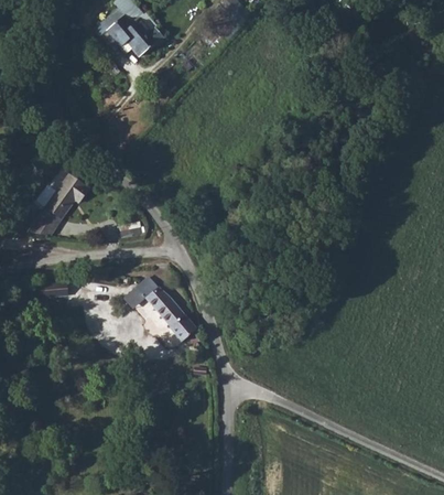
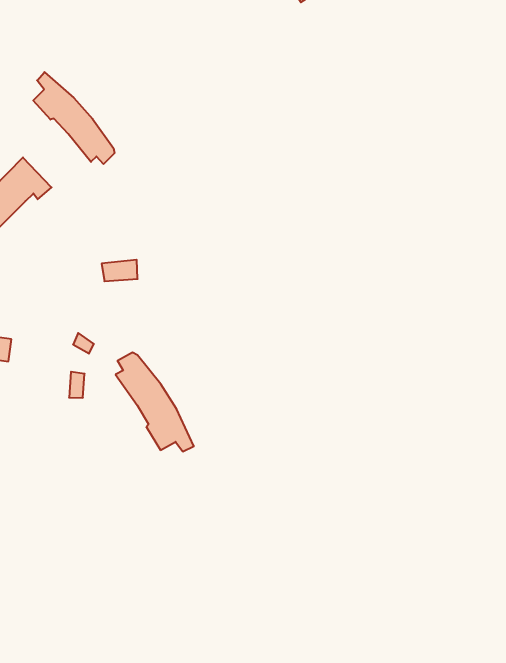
building: none -> [33,72,115,164]

